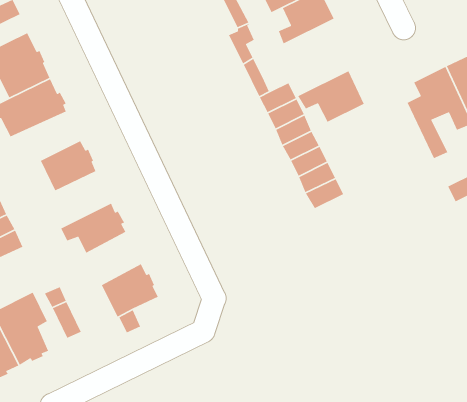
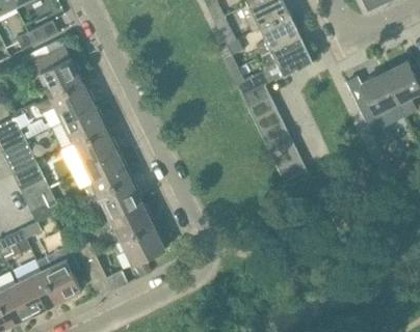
building: [297,70,365,123] -> [260,35,312,76]
building: none -> [61,107,104,144]
building: none -> [83,153,128,196]
building: none -> [108,199,151,240]

